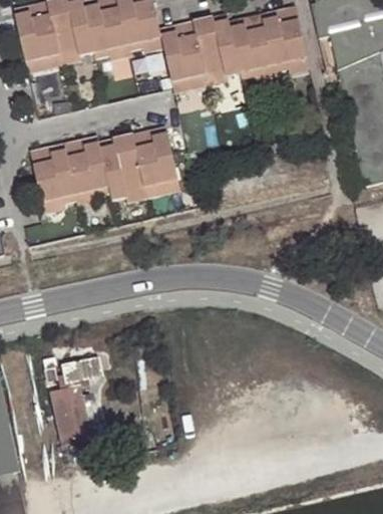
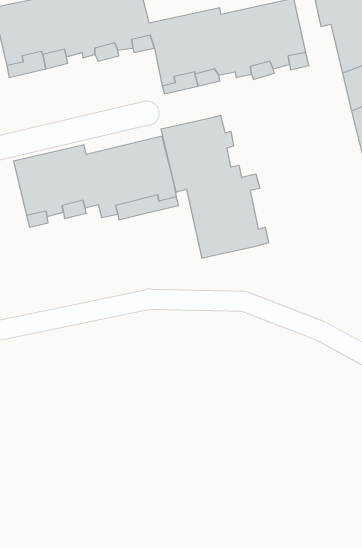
building: none -> [161,115,268,258]
building: [49,352,105,445] -> none

